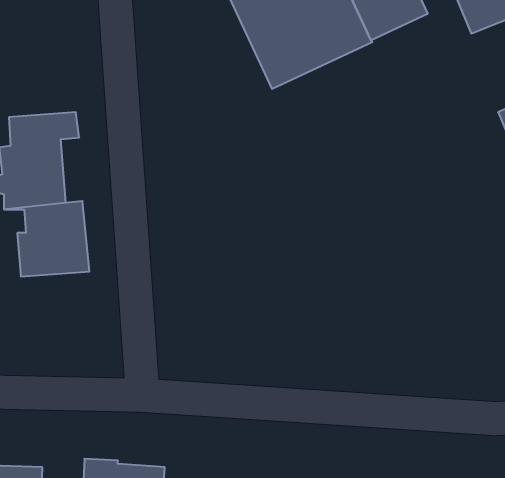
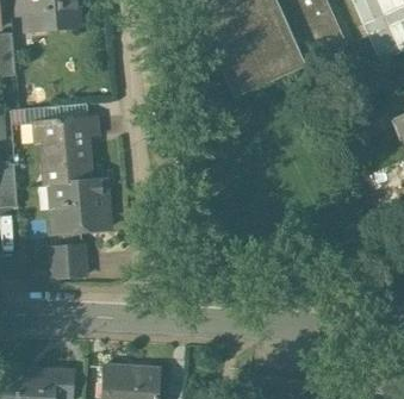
building: none -> [52,244,85,276]

